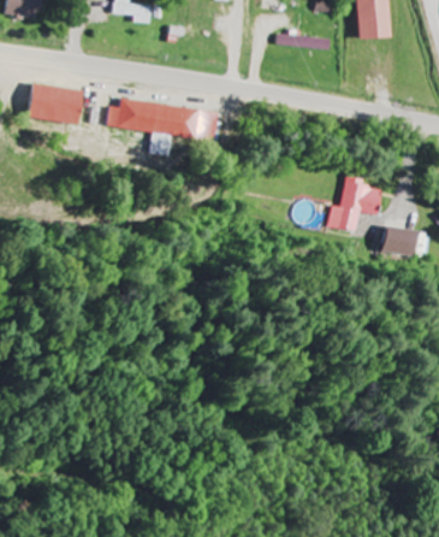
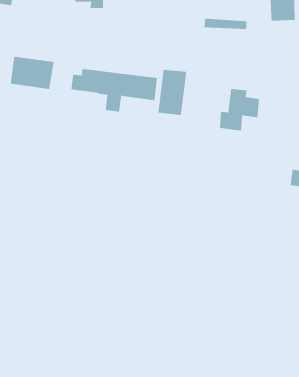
building: none -> [158,69,187,116]
building: [328,177,380,231] -> [219,88,260,131]

